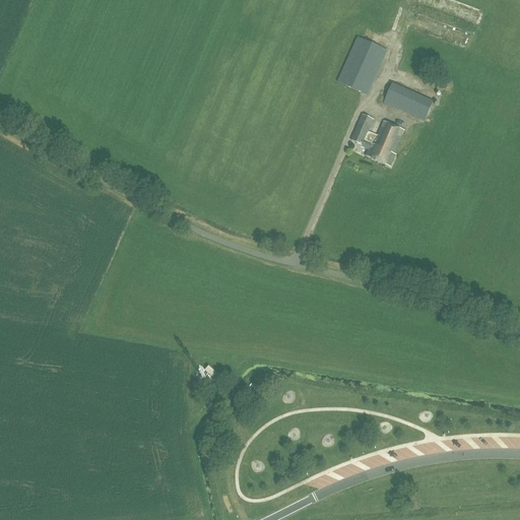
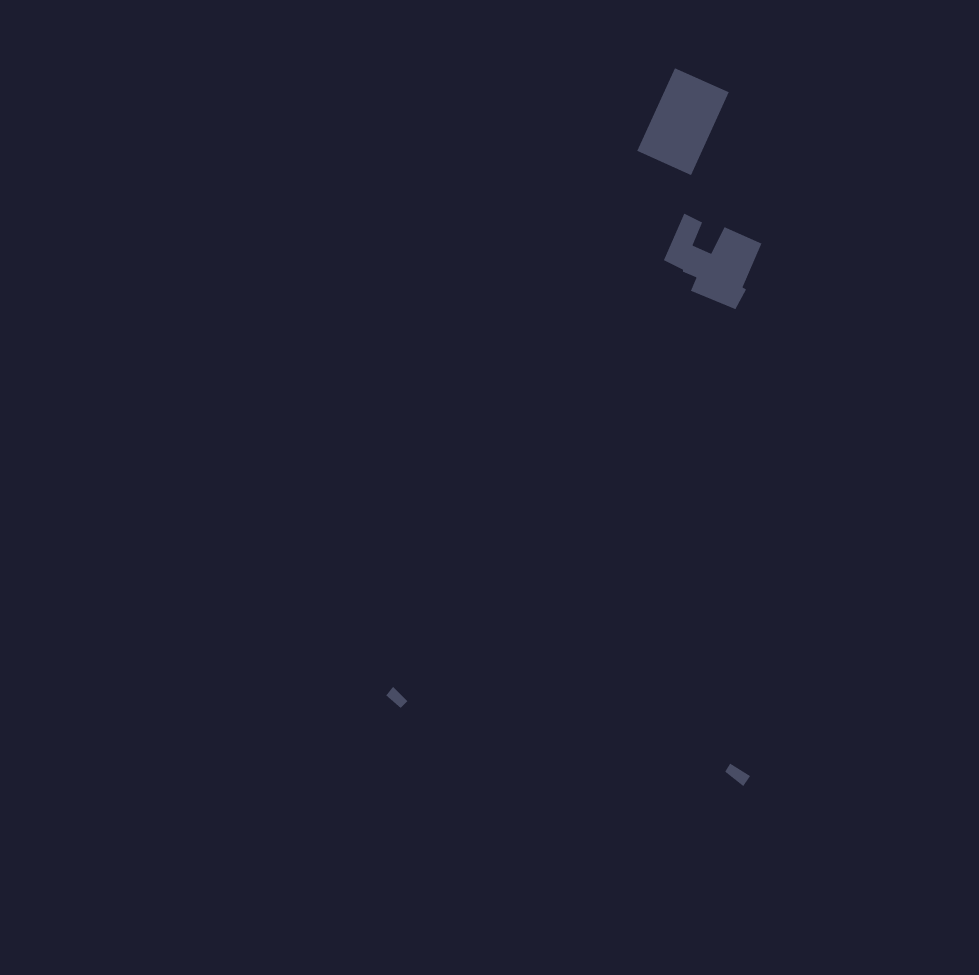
building: [384,82,433,120] -> none

